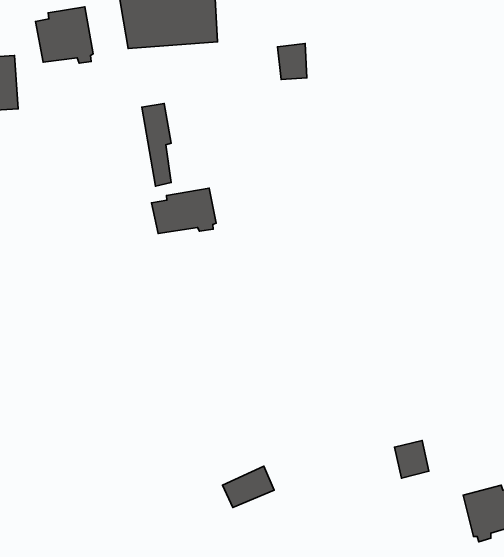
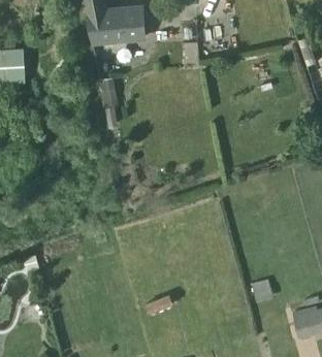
building: [35,7,93,63] -> none
building: [151,188,216,233] -> none

